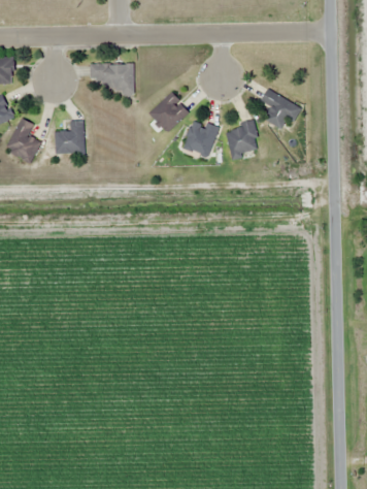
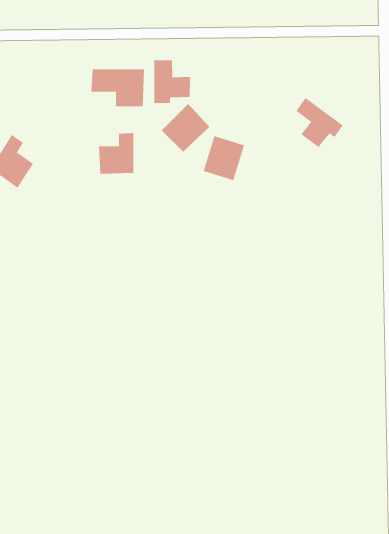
building: none -> [154,60,190,104]
building: [54,120,84,155] -> [98,132,134,174]
building: [225,123,259,157] -> none

